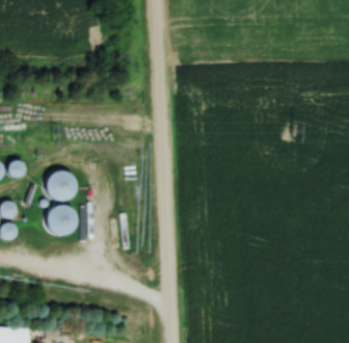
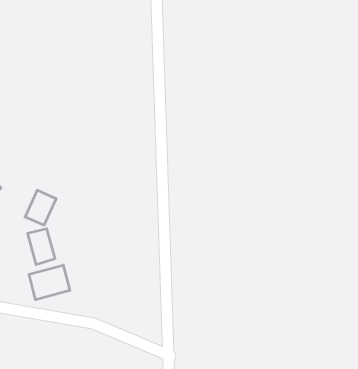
building: none -> [29,265,70,300]

